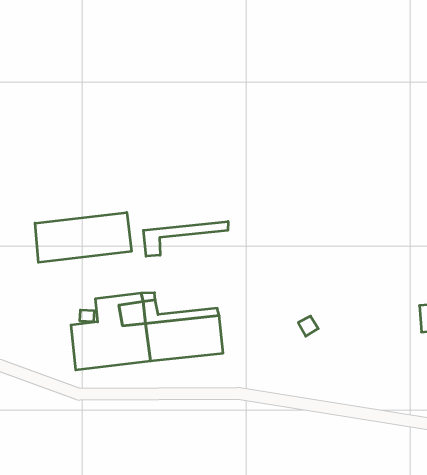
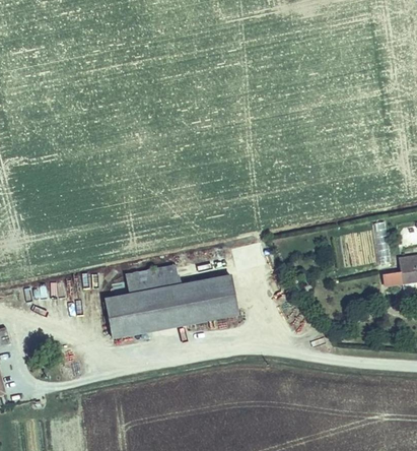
building: [35,212,131,262] -> none
building: [143,221,228,256] -> none

